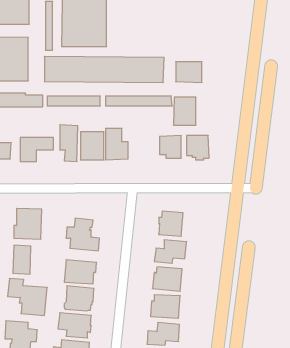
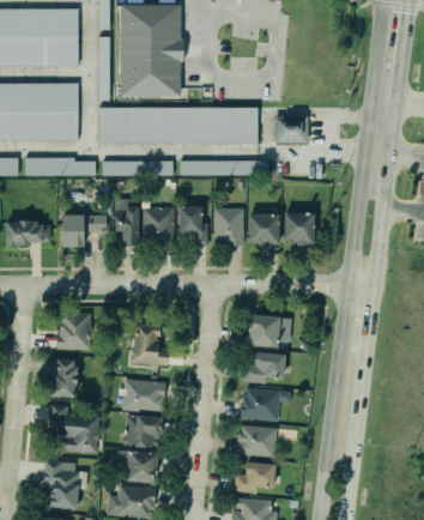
building: [173,97,196,125] -> [214,208,244,246]

